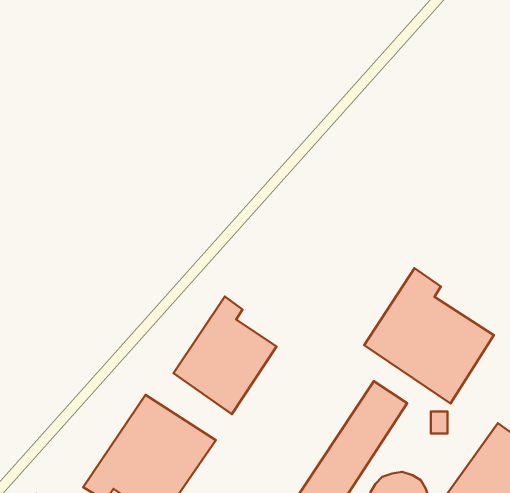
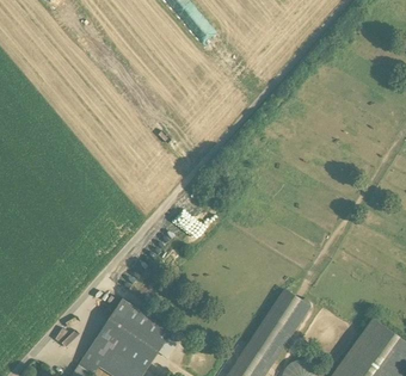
building: [364,268,494,403] -> none
building: [173,297,277,414] -> none

